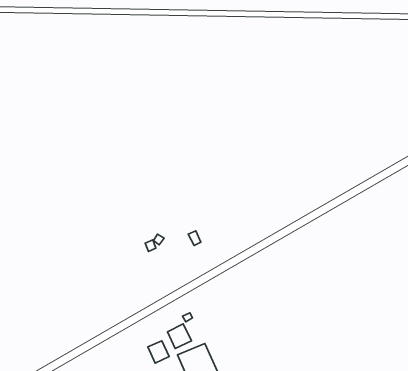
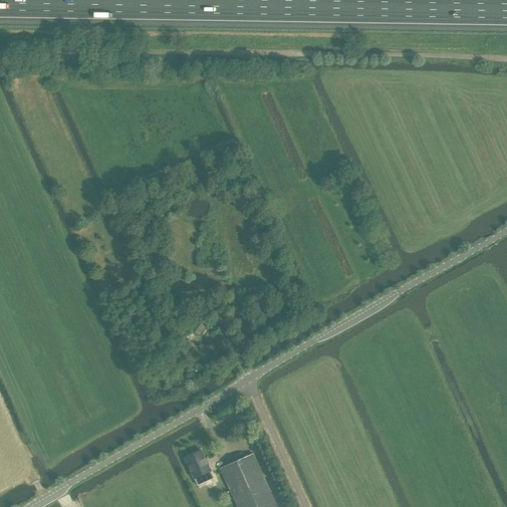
building: [168,324,191,348] -> none

